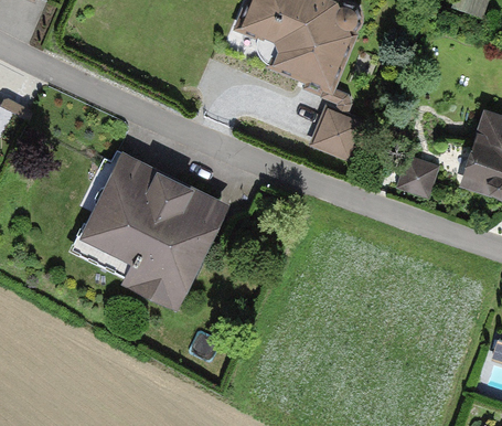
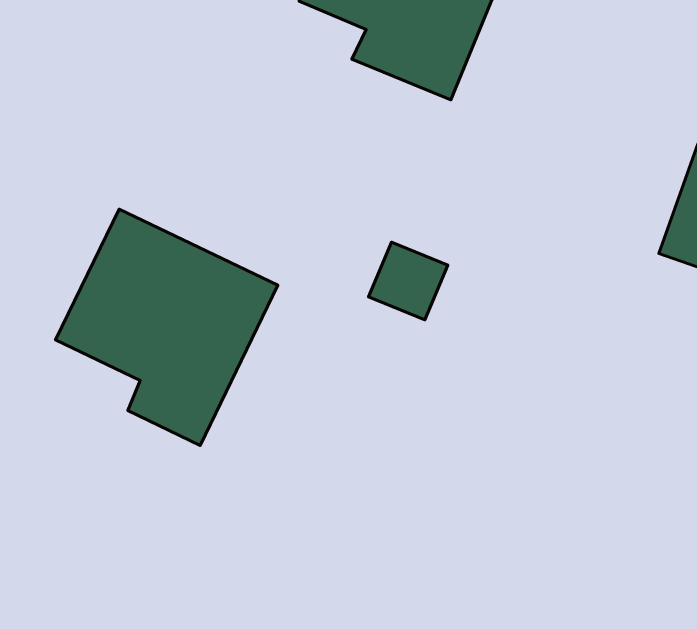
building: [312,110,362,159] -> [369,242,448,320]
building: [399,158,438,196] -> none

